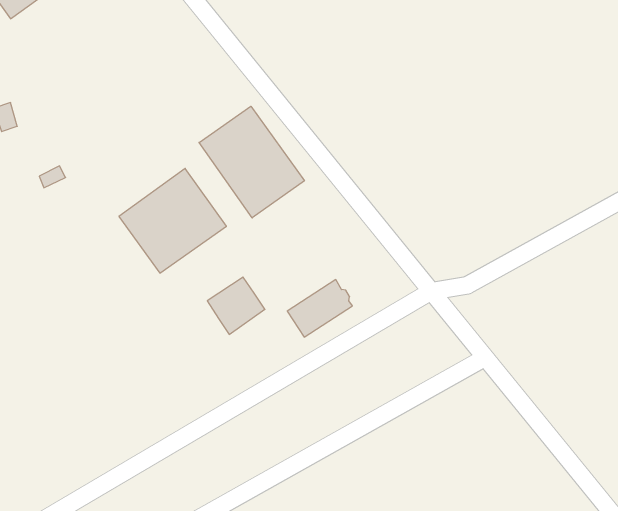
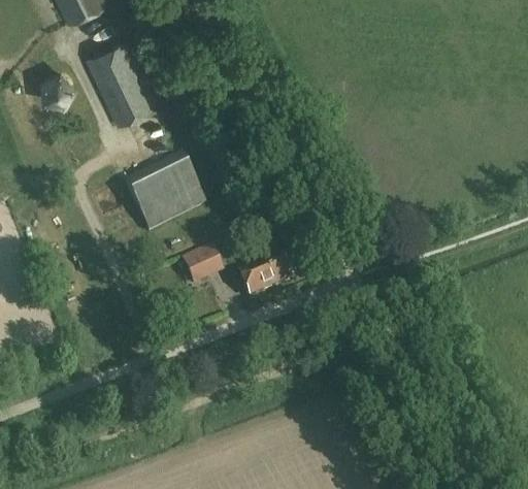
building: none -> [86,40,160,128]
building: [199,106,304,218] -> none

